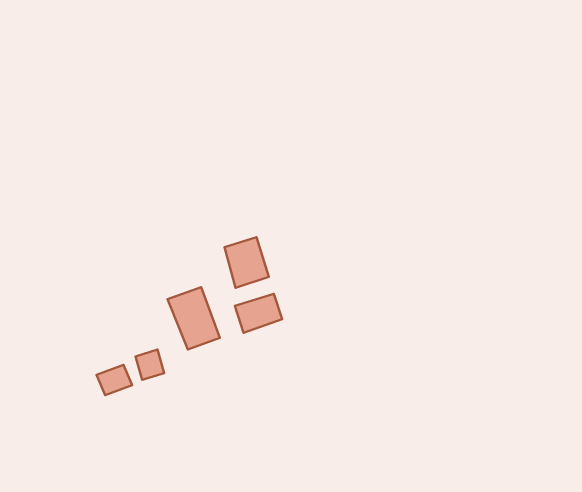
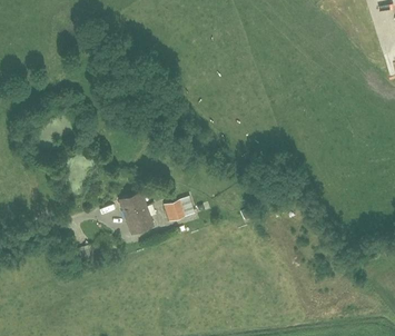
building: [224,237,269,288] -> none

